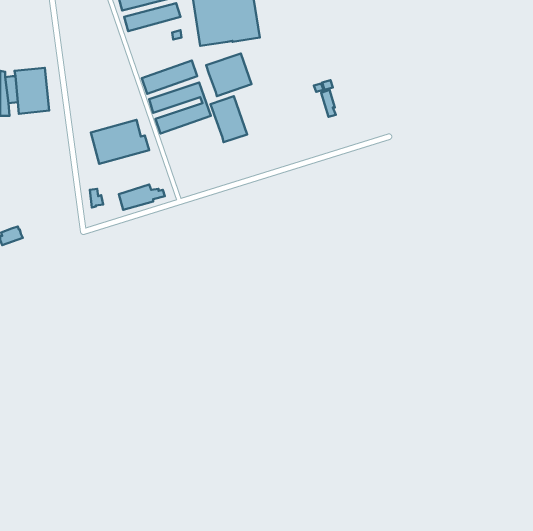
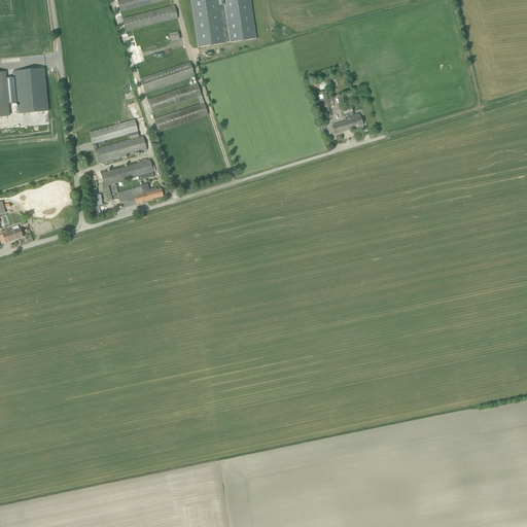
building: [206,53,252,96] -> none
building: [211,96,247,142] -> none
building: none -> [331,105,363,132]
building: none -> [101,156,154,200]

